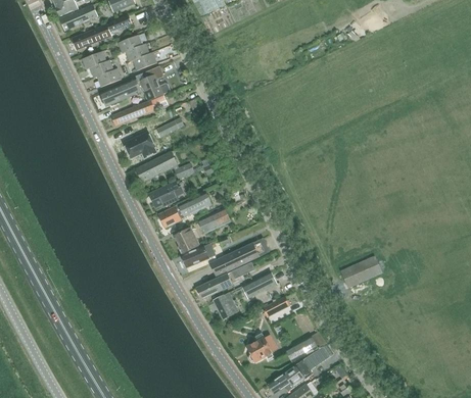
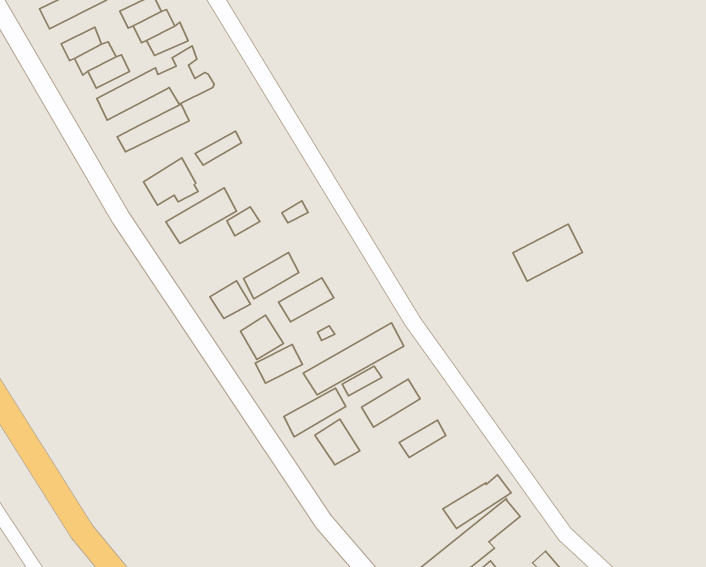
building: [149,182,184,207] -> none
building: [341,256,382,288] -> [513,224,583,281]
building: [247,333,274,361] -> none

